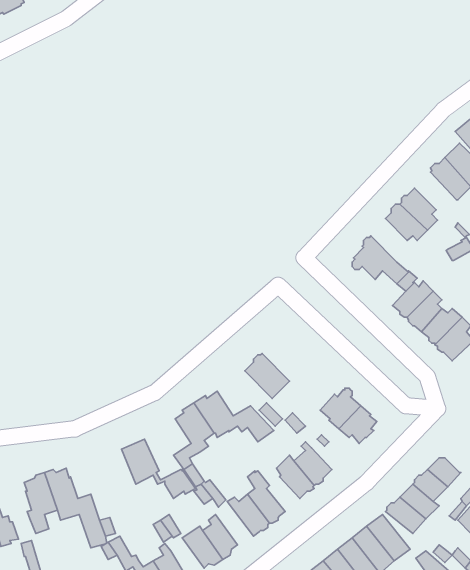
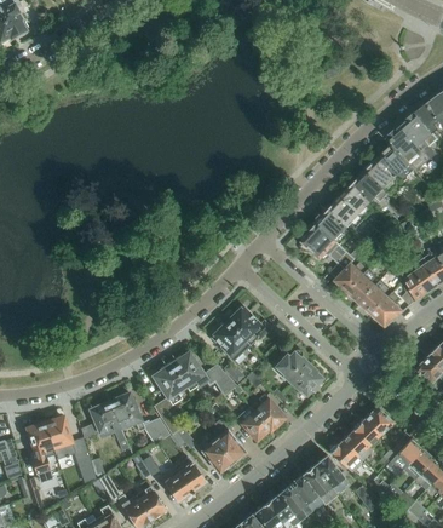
building: none -> [353,170,389,201]
building: none -> [316,208,350,245]
building: none -> [226,308,271,344]
building: none -> [90,401,121,436]

